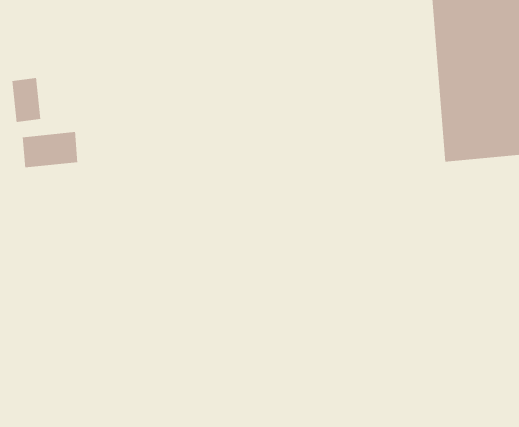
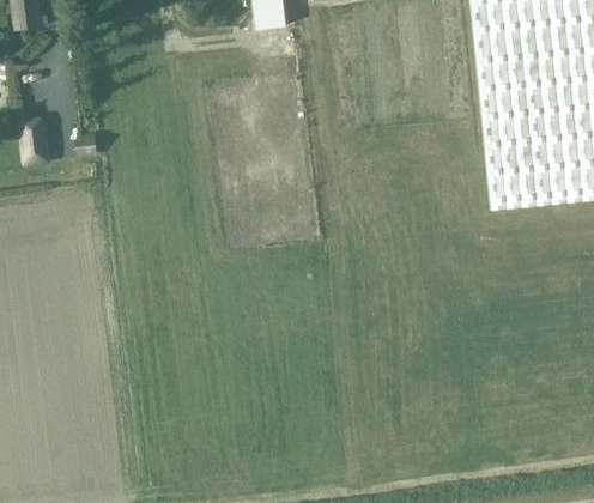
building: [22,131,78,168] -> none

